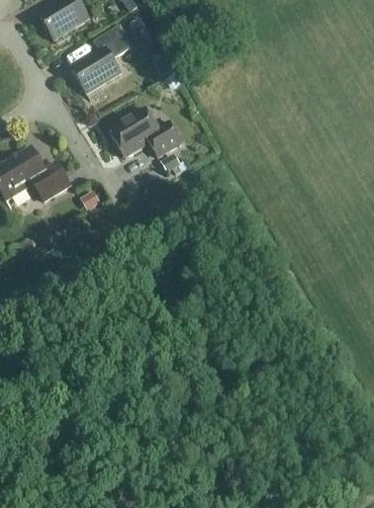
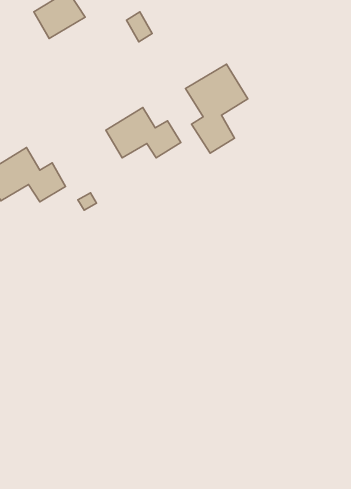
building: [72,25,131,100] -> none
building: none -> [186,64,248,153]

